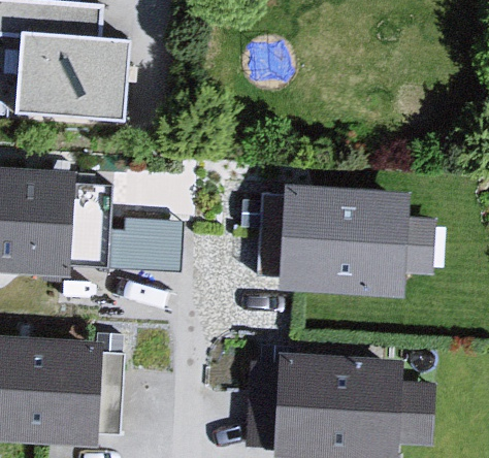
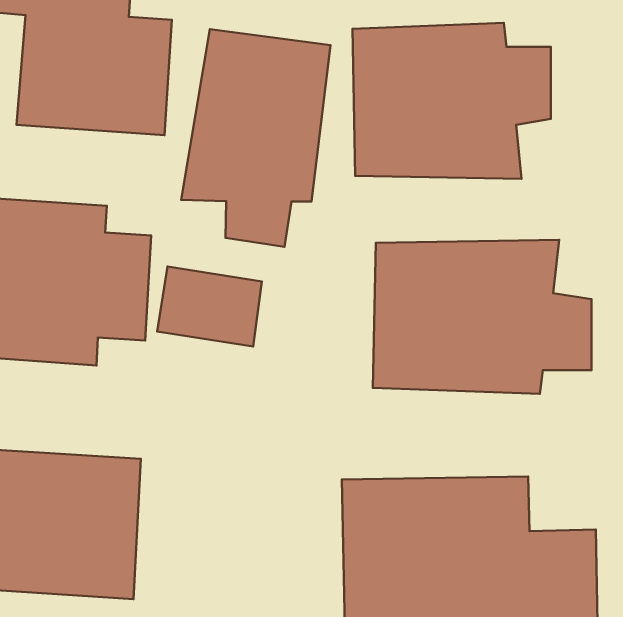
building: none -> [352,23,551,179]
building: none -> [181,29,331,247]

